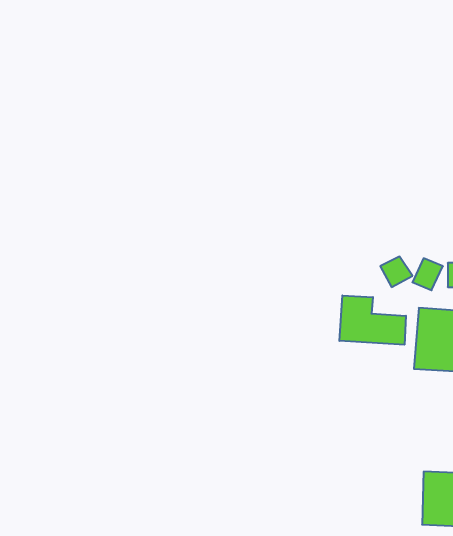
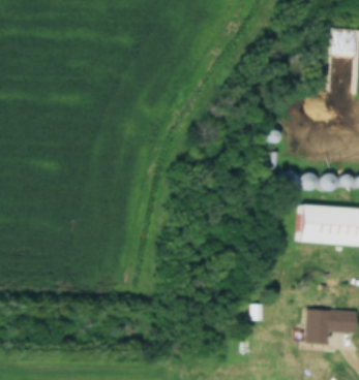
building: [339,295,406,345] -> none

